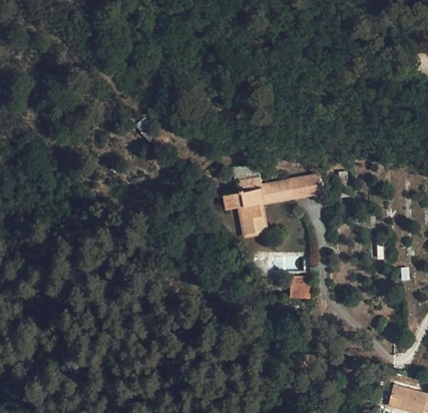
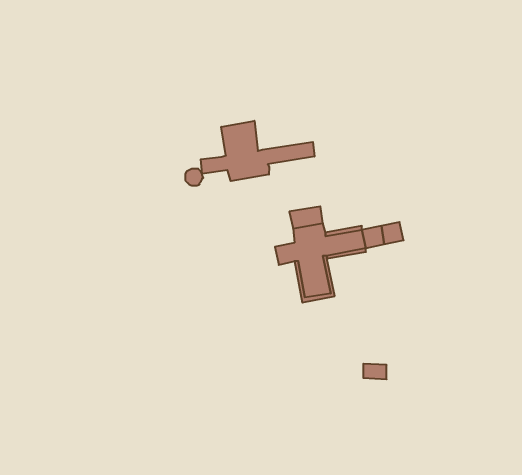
building: none -> [201,121,314,181]

